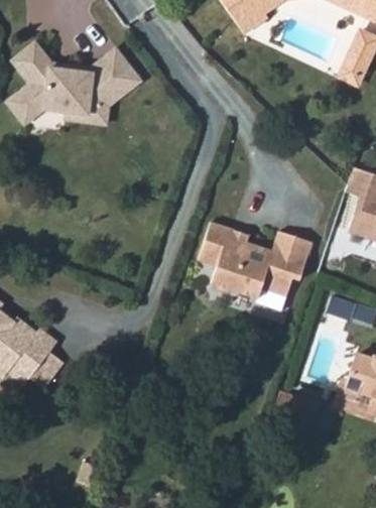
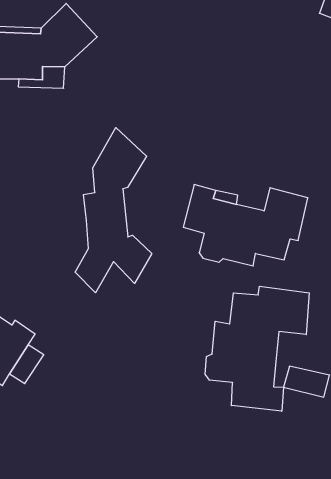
building: none -> [75,128,152,293]
building: none -> [205,286,309,411]

